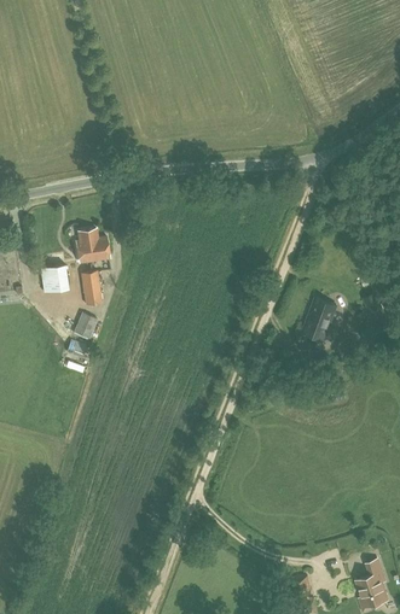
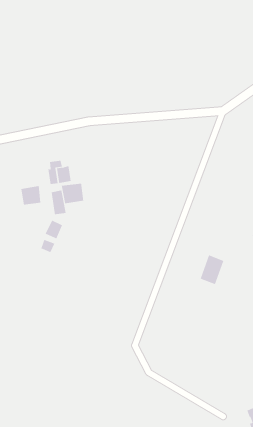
building: none -> [61,183,84,204]
building: [305,296,338,338] -> [200,255,224,285]

